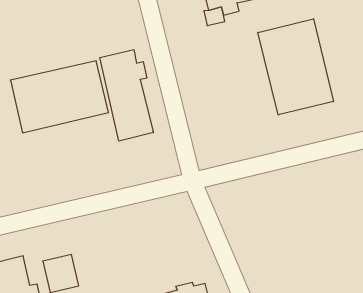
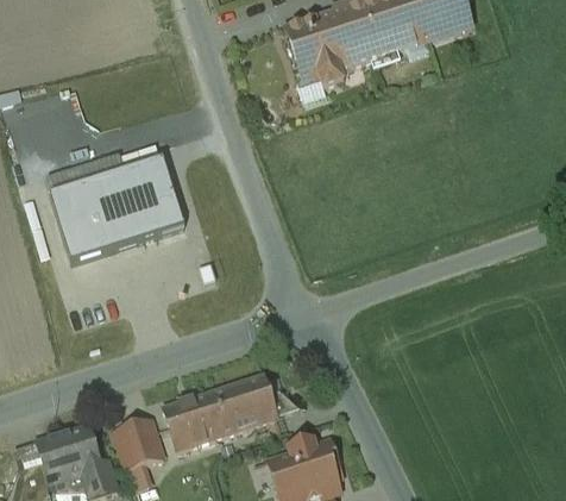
building: [258,19,333,115] -> none
building: [100,50,153,141] -> none
building: none -> [164,372,277,447]

